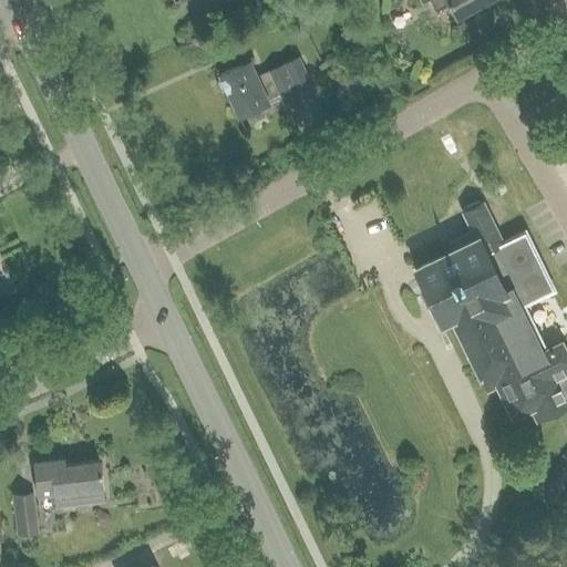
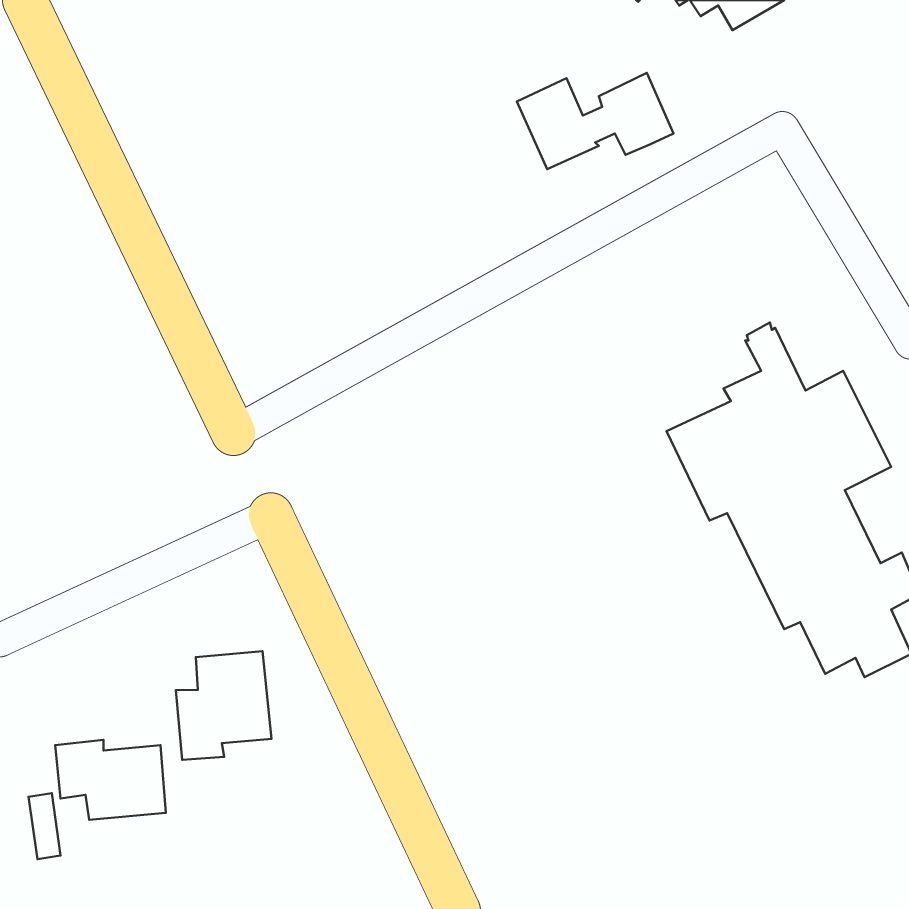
building: [219,58,317,117] -> [517,73,674,169]
building: none -> [176,651,272,760]

